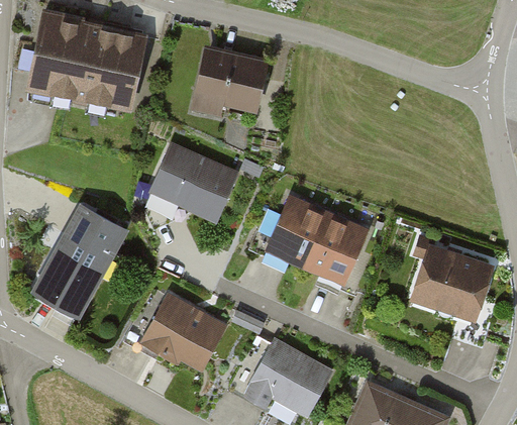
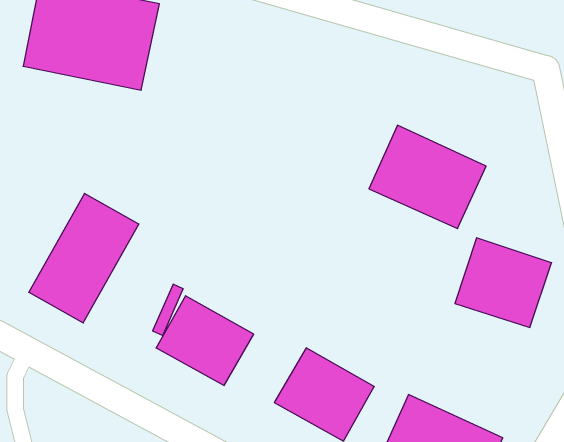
building: [194,46,267,115] -> none
building: [149,143,241,225] -> none
building: [265,194,369,286] -> [369,125,486,229]

